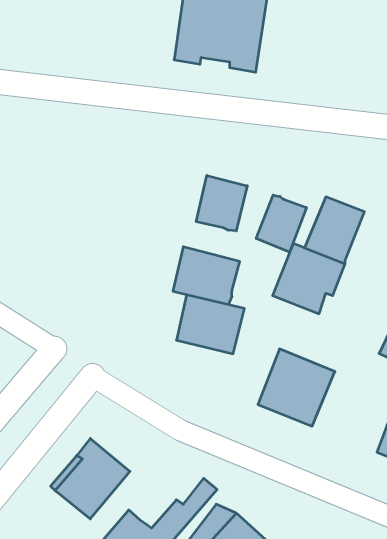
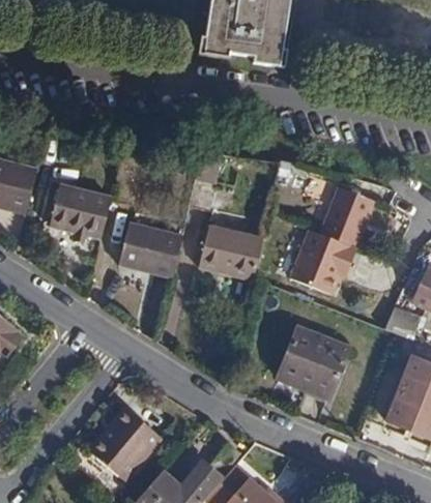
building: [196,175,247,231] -> none
building: [256,195,306,252] -> none
building: none -> [48,185,111,240]
building: [176,295,244,354] -> [120,226,182,279]

